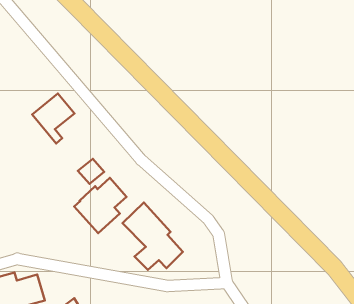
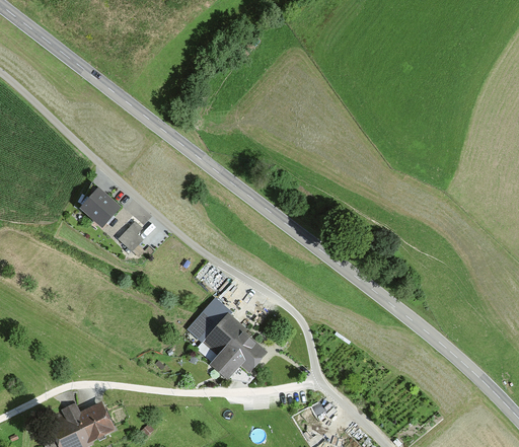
building: [78,159,104,184] -> [118,223,148,252]
building: [74,178,126,233] -> none

